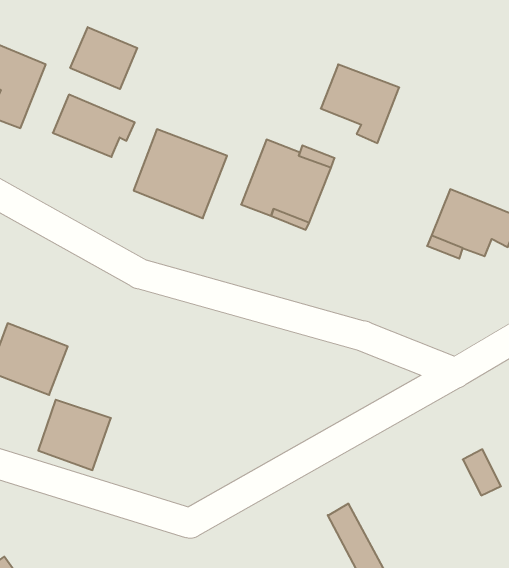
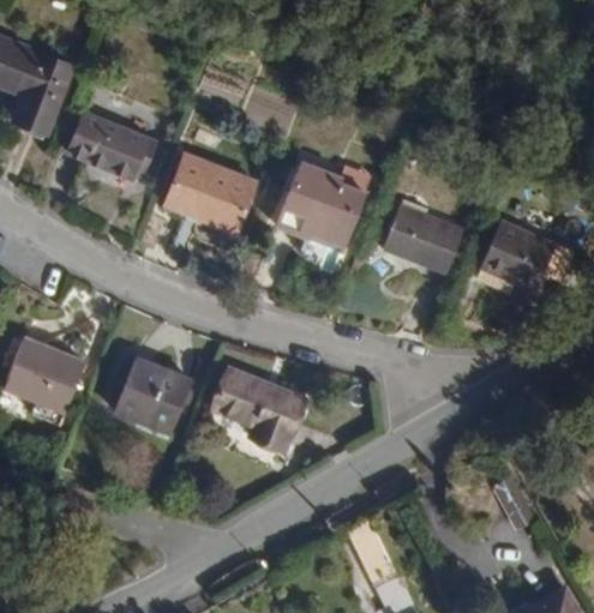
building: [70,27,137,89] -> none
building: [321,64,399,143] -> [373,197,455,278]
building: none -> [217,380,308,462]
building: [38,400,111,470] -> [125,359,200,432]

